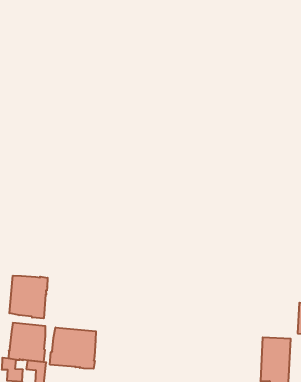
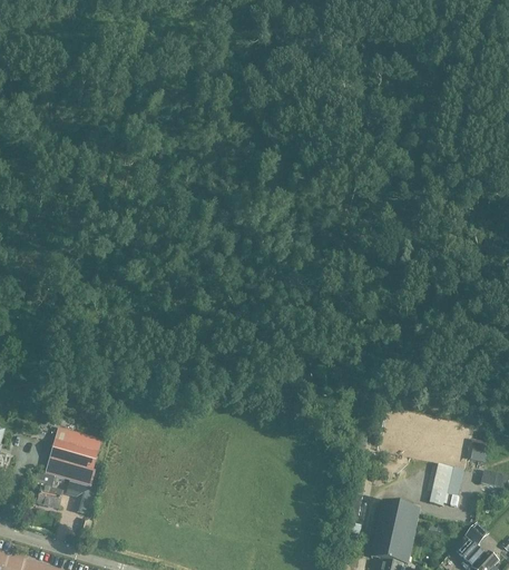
building: [9,276,48,318] -> none
building: [50,327,96,369] -> none

